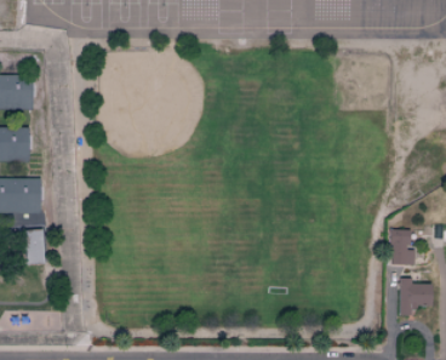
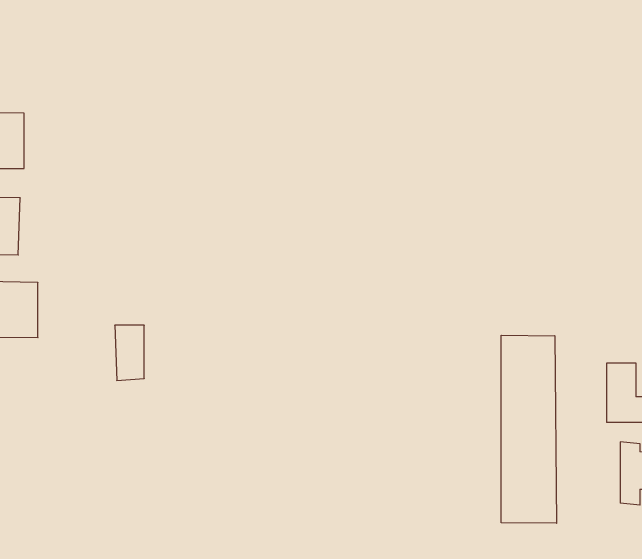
building: none -> [501,335,557,523]
building: [25,230,44,264] -> [115,325,144,380]

